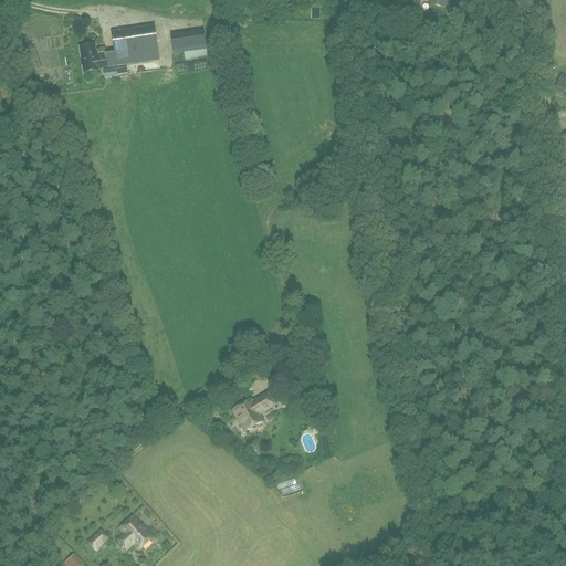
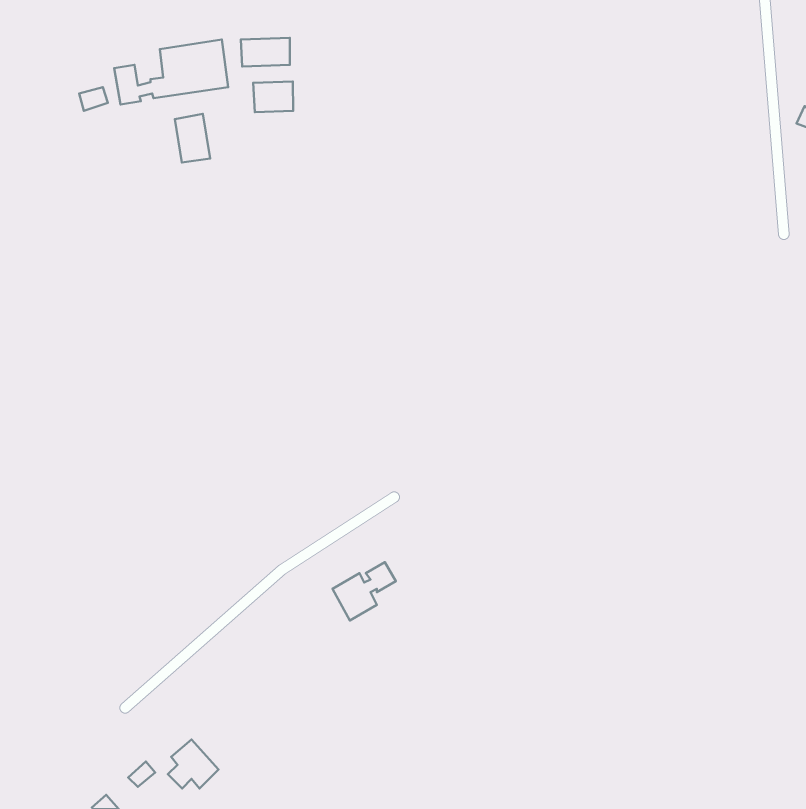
building: none -> [253,82,293,112]
building: none -> [175,114,210,163]

